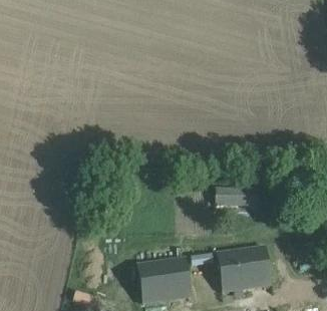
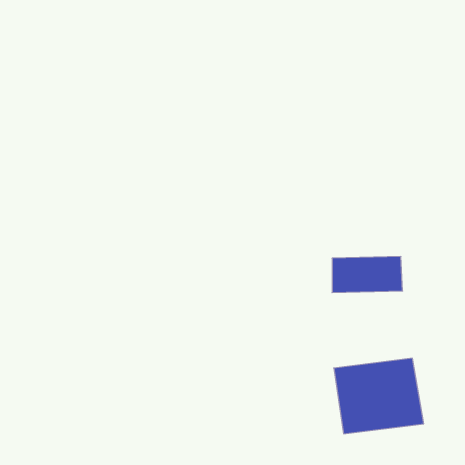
building: [139,260,192,299] -> none

